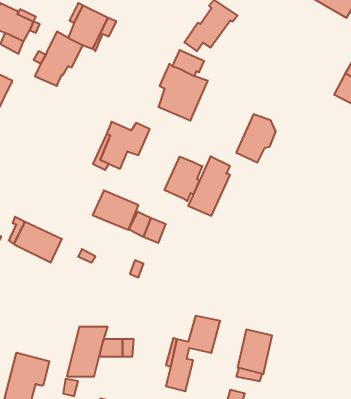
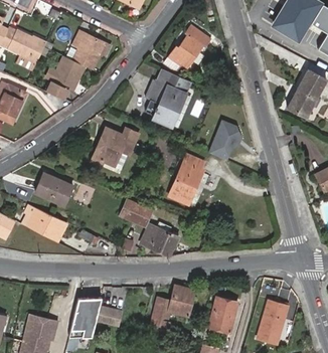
building: [165,157,202,201] -> none
building: [93,190,138,230] -> [35,173,72,205]
building: none -> [141,222,177,255]
building: none -> [258,303,289,344]

